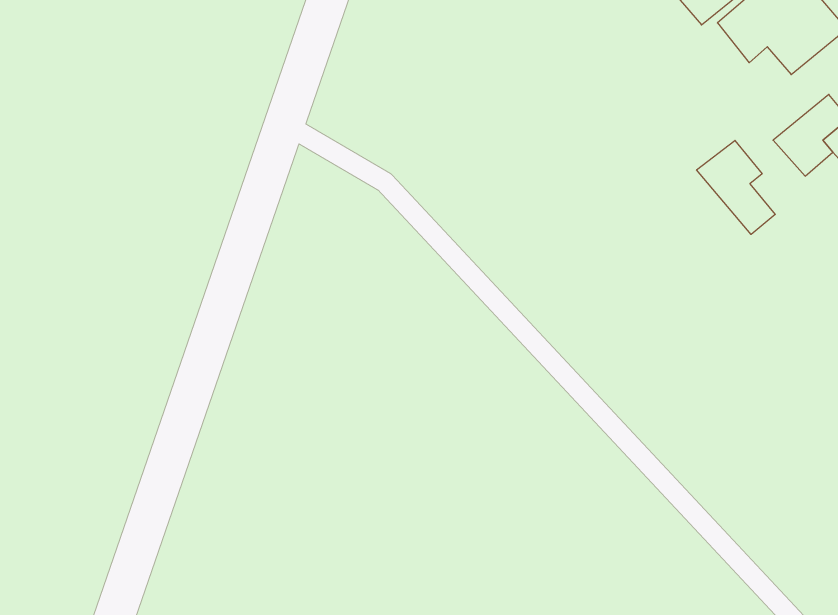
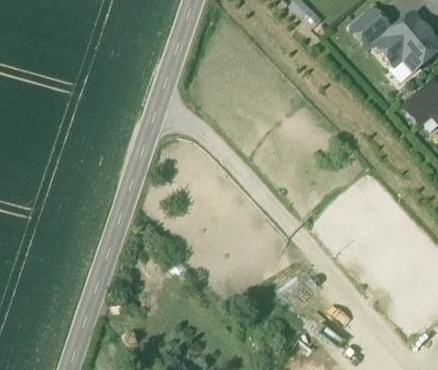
building: [697,140,775,234] -> none

